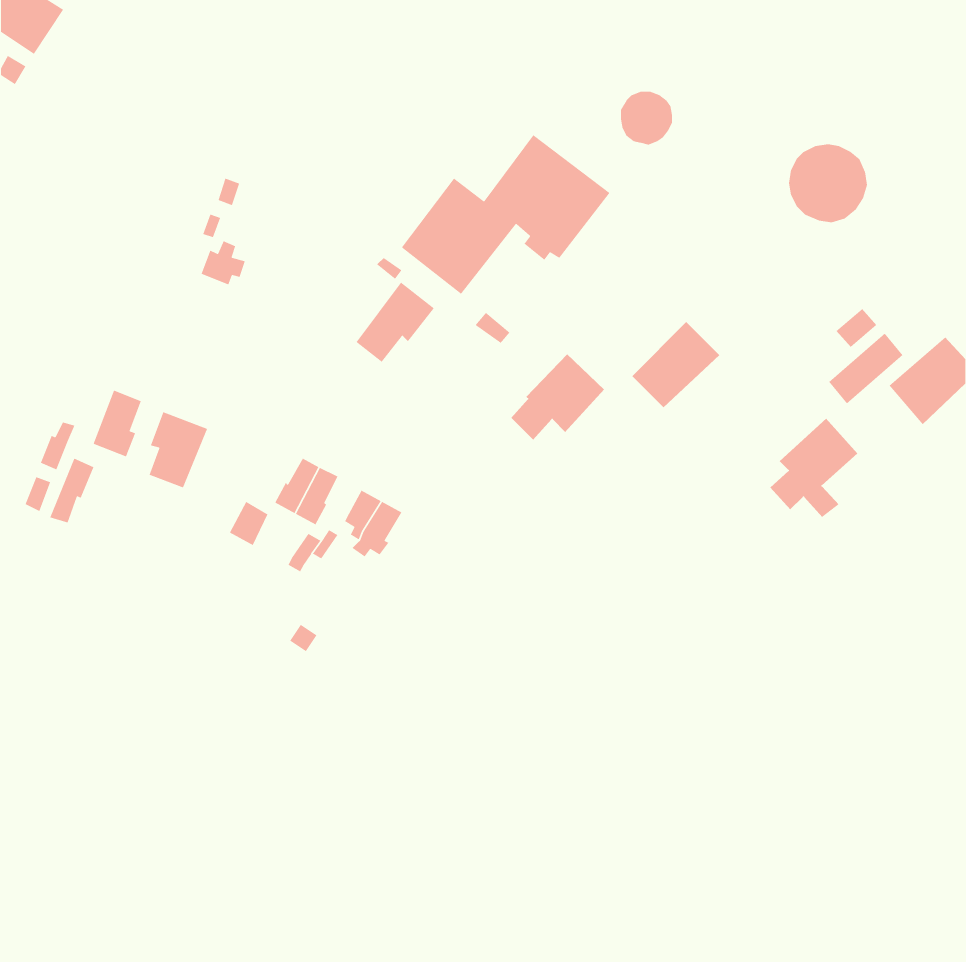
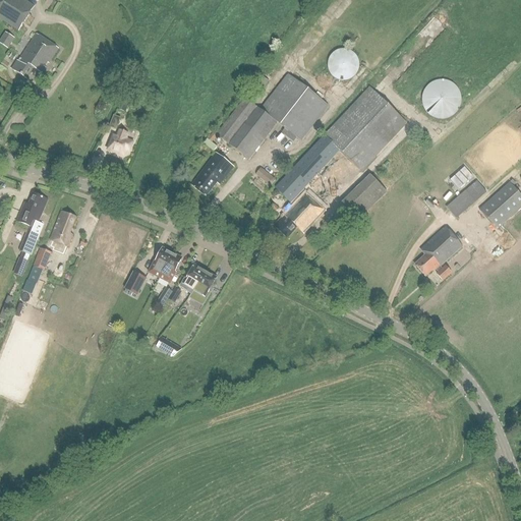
building: none -> [11,33,58,77]
building: none -> [274,85,408,201]
building: none -> [17,191,48,227]
building: [148,411,208,488] -> none

